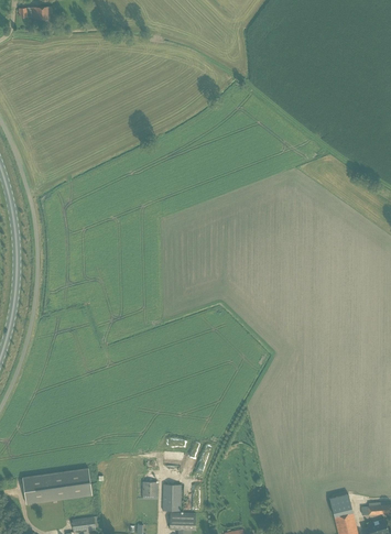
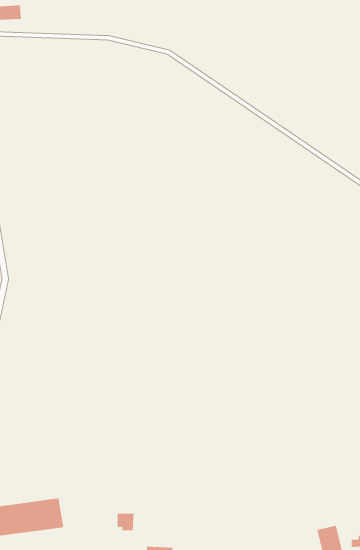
building: [162,484,181,511] -> none

